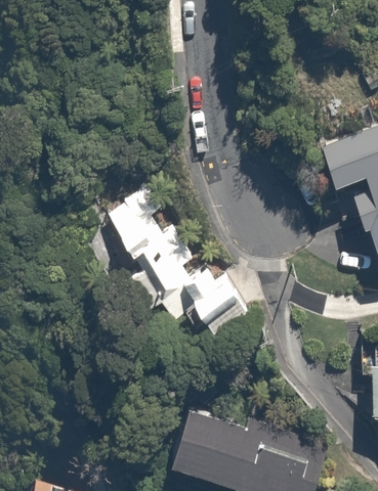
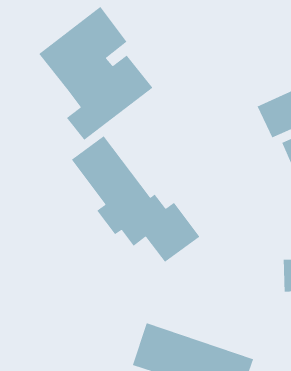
building: none -> [38,6,154,141]

